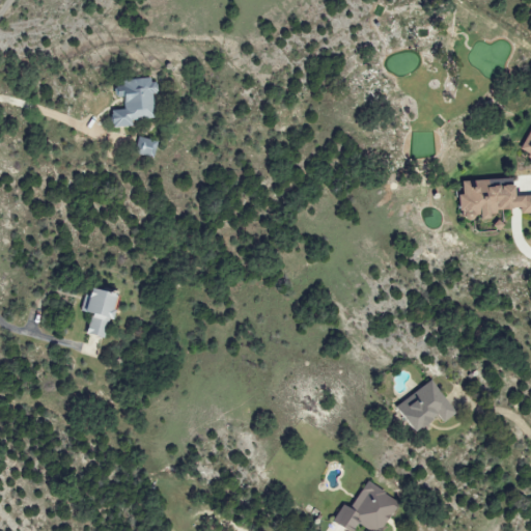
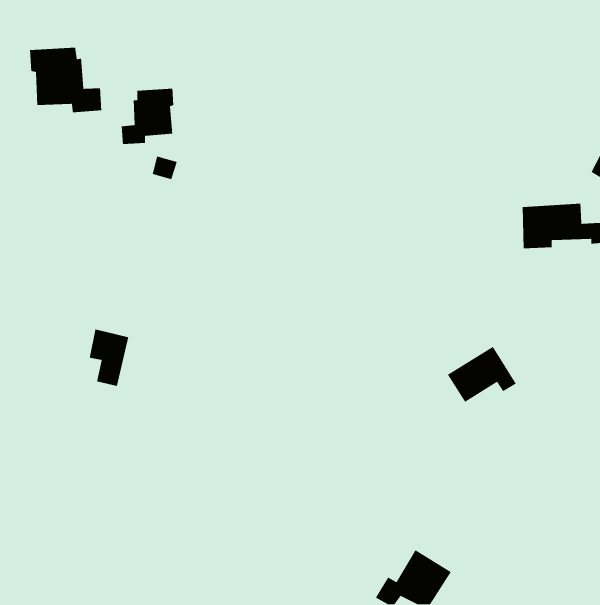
building: none -> [29,47,102,113]
building: [394,381,455,430] -> [447,346,517,403]

